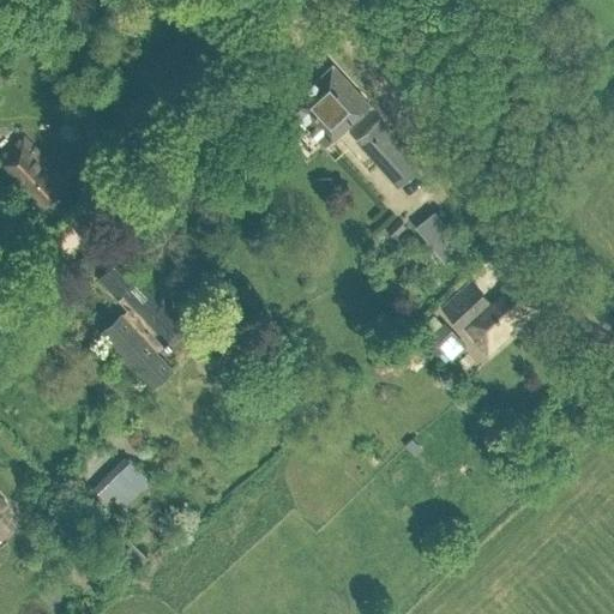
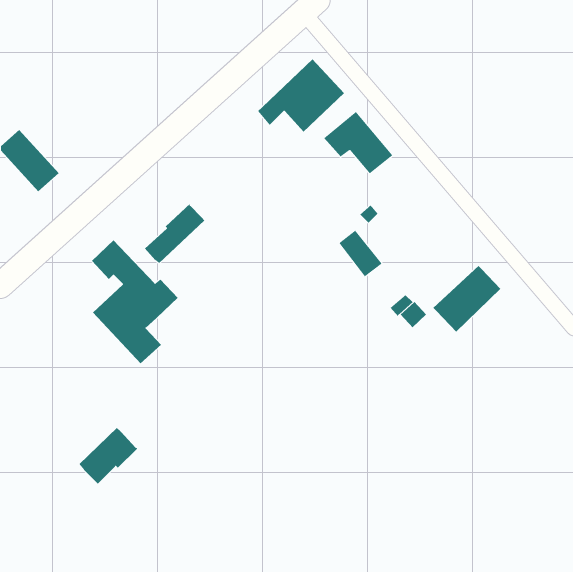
building: [416,213,463,264] -> [339,230,382,277]
building: none -> [144,203,205,264]
building: [443,283,488,329] -> none

